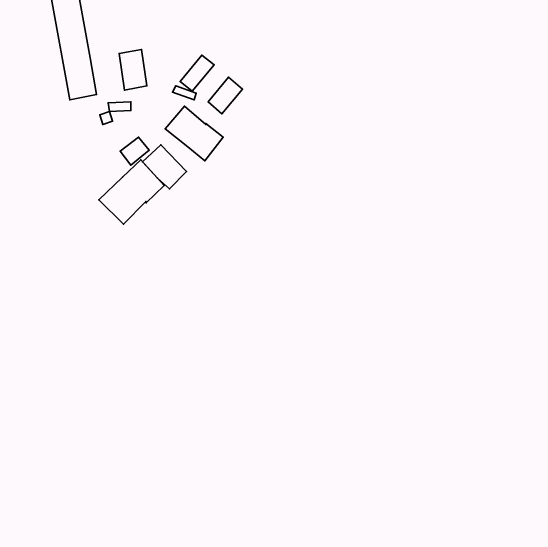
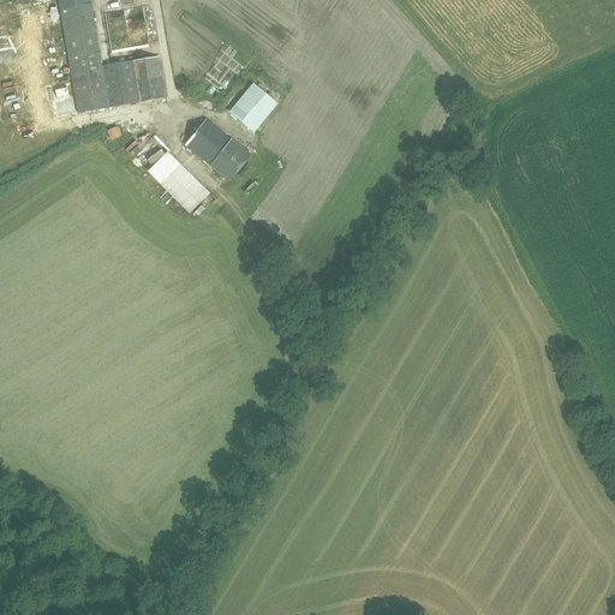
building: none -> [101,60,138,106]
building: [180,55,214,91] -> none
building: [99,160,164,224] -> none

